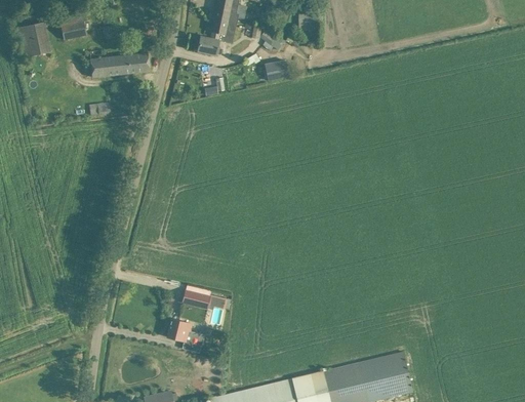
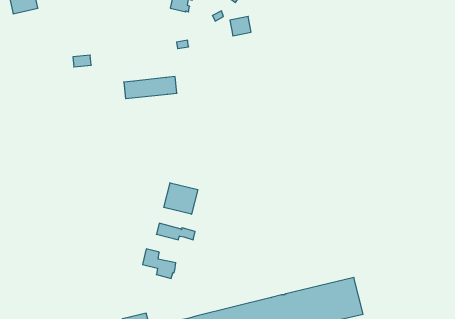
building: [90,52,150,77] -> [124,77,177,99]
building: none -> [164,183,198,214]

